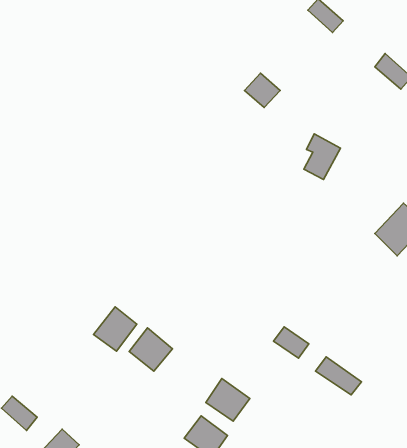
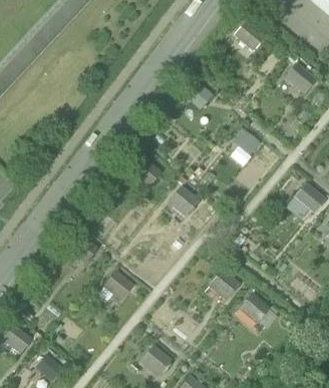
building: none -> [172,182,204,215]
building: [94,307,137,351] -> none
building: [206,378,250,421] -> none

